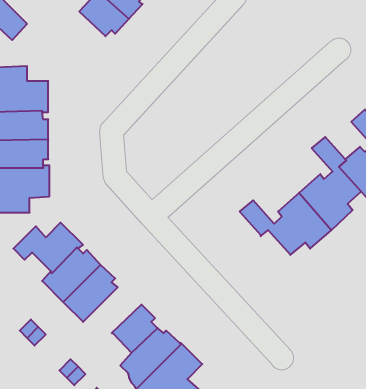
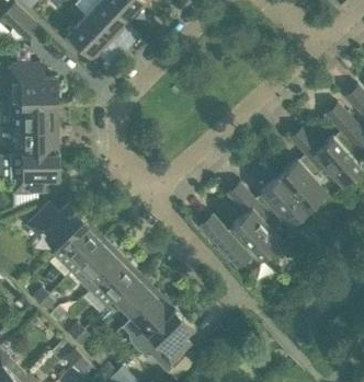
building: none -> [68,16,109,60]
building: none -> [200,209,281,268]
building: none -> [89,259,140,308]

